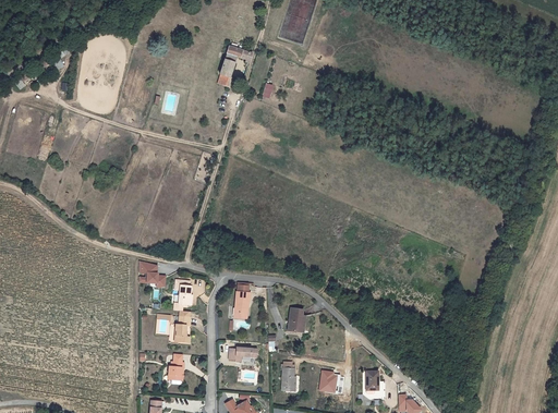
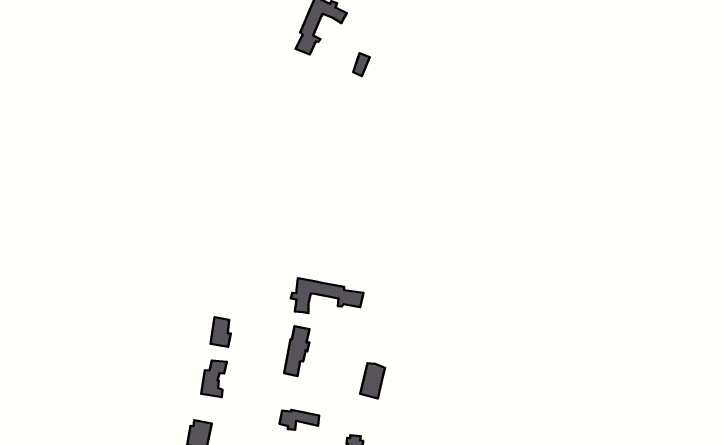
building: none -> [291,278,363,313]
building: [137,263,165,288] -> none

